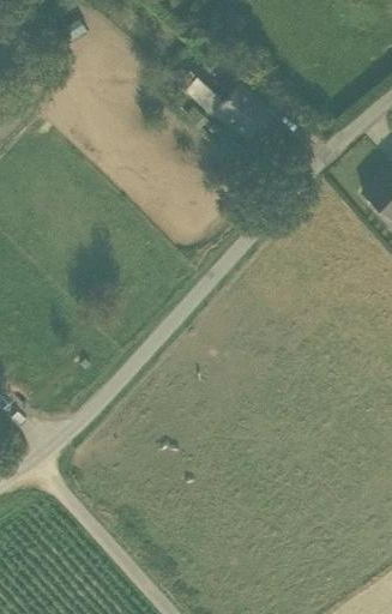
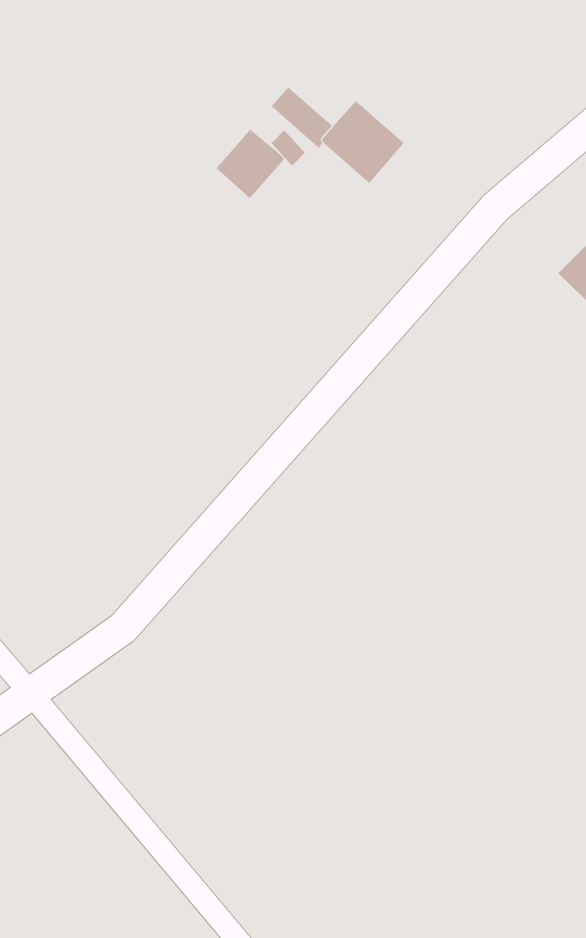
building: none -> [216,129,284,199]

